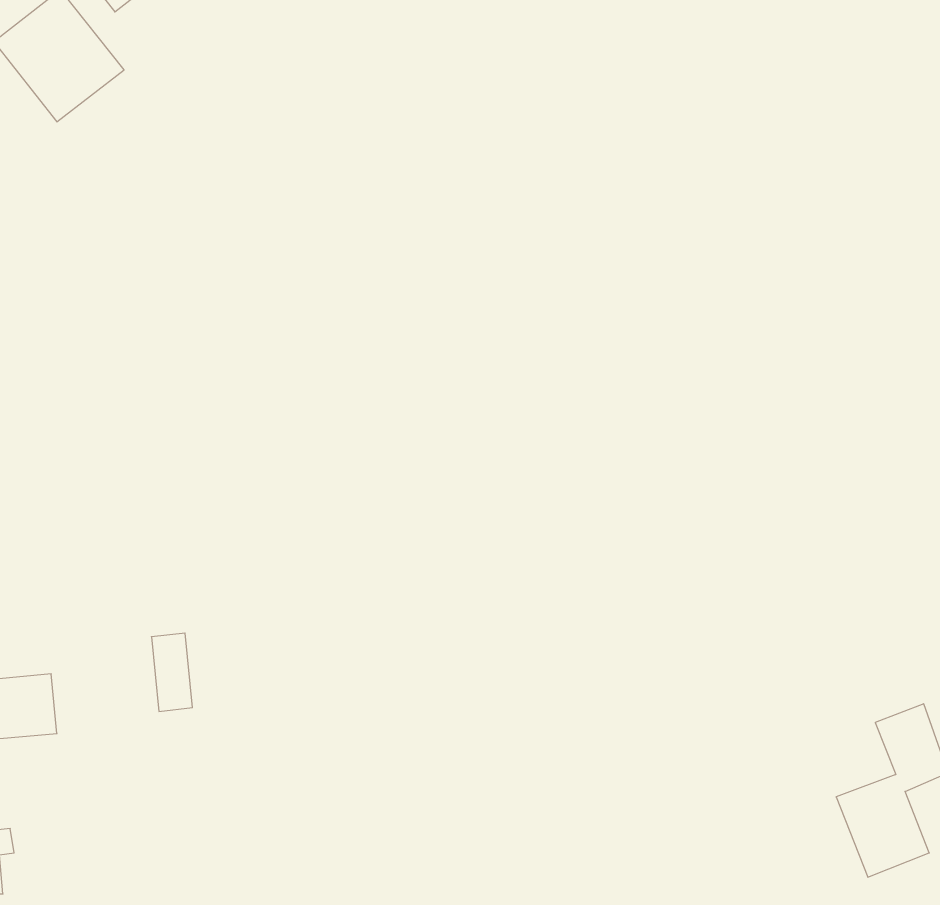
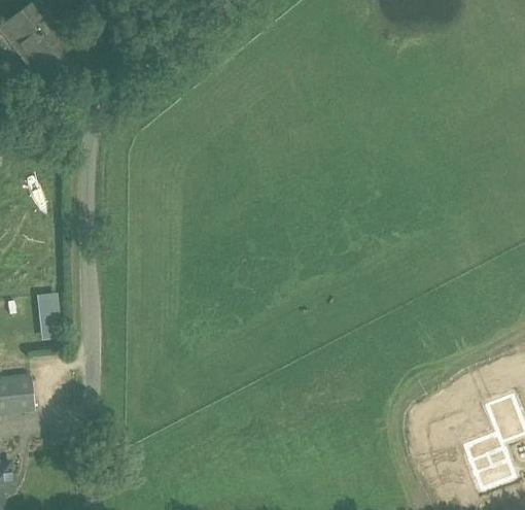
building: [151,633,192,711] -> [37,293,60,336]

